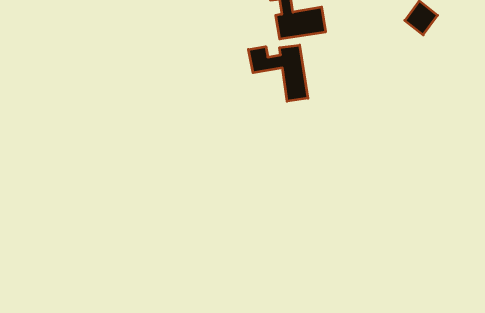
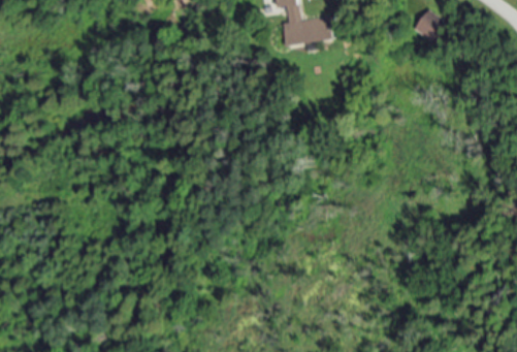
building: [248,45,308,101] -> none

